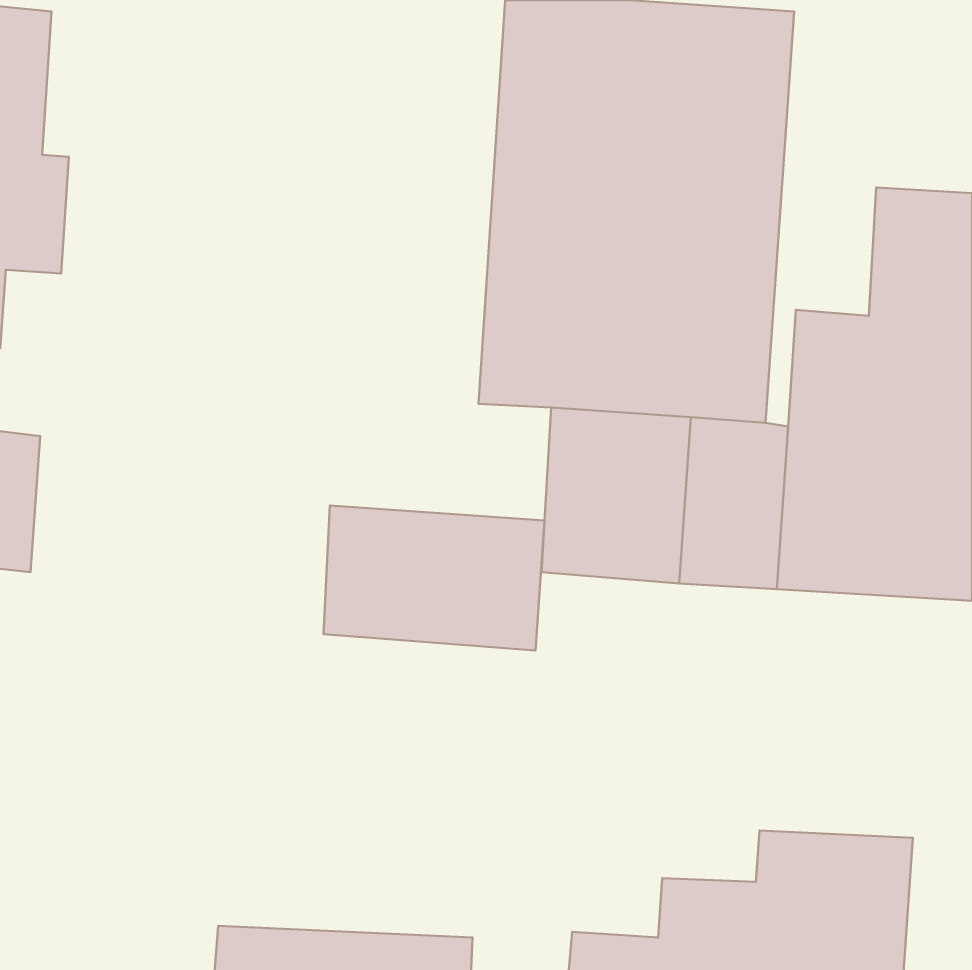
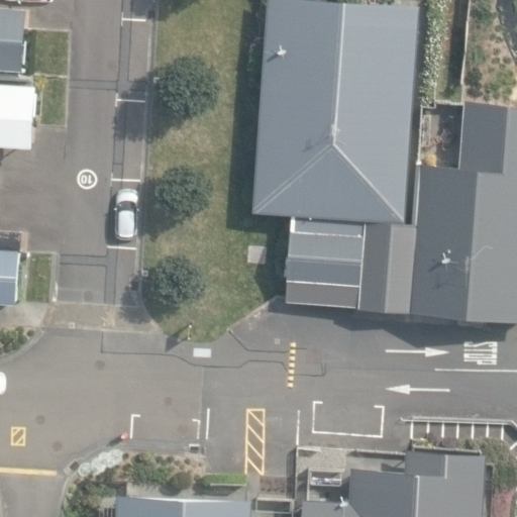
building: [323,506,544,650] -> none

